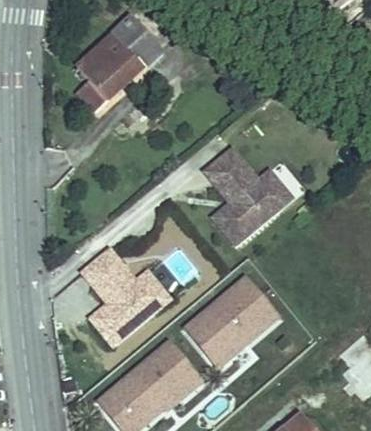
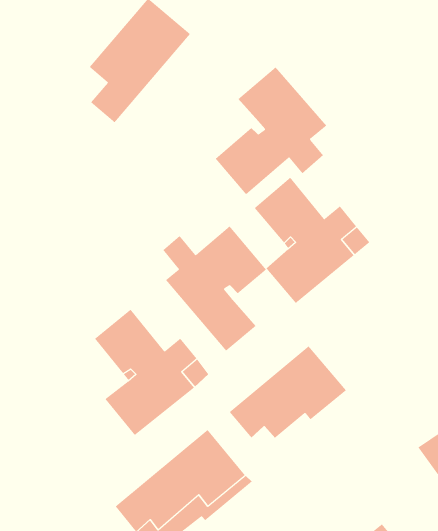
building: none -> [215,66,327,195]
building: none -> [162,225,267,352]
building: [202,310,279,366] -> none

